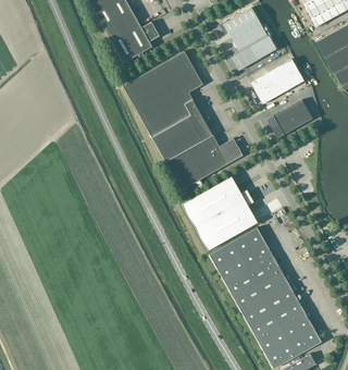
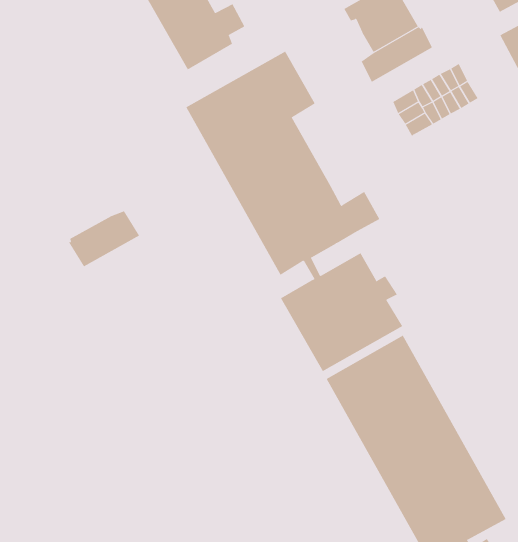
building: [265,98,312,137] -> none
building: none -> [68,210,140,267]

